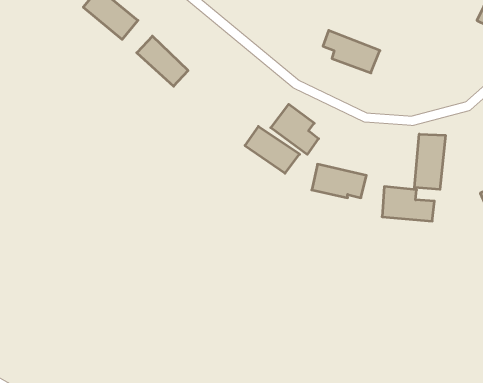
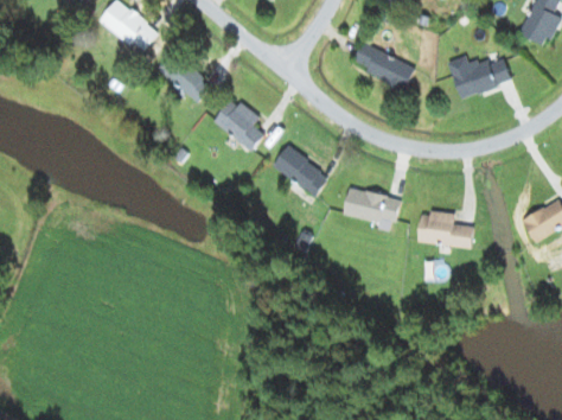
building: none -> [447,55,511,98]
building: [271,104,319,154] -> [212,97,263,151]
building: [414,134,445,189] -> none

